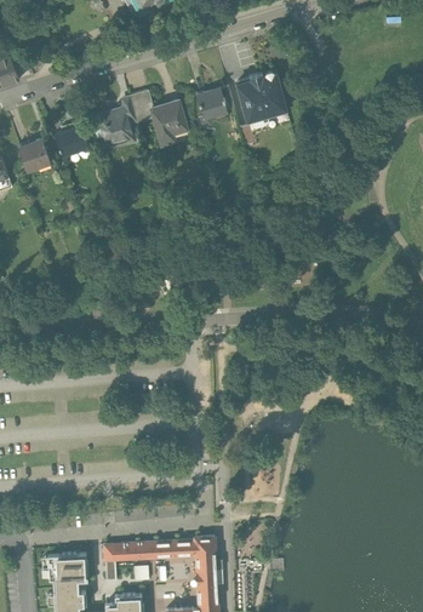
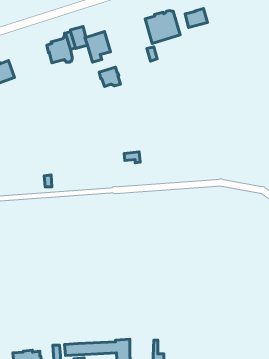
building: none -> [185,9,207,27]
building: [195,87,225,115] -> [99,67,120,87]
building: [55,122,86,155] -> none

